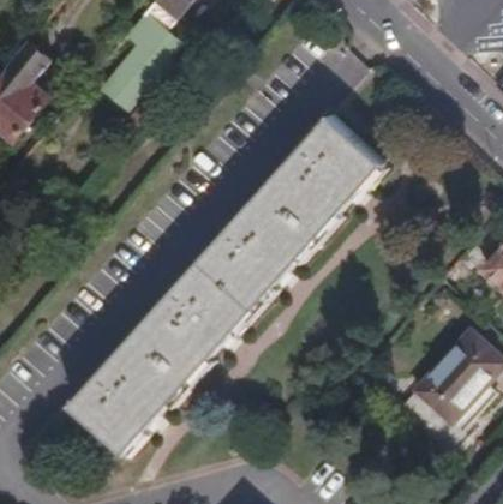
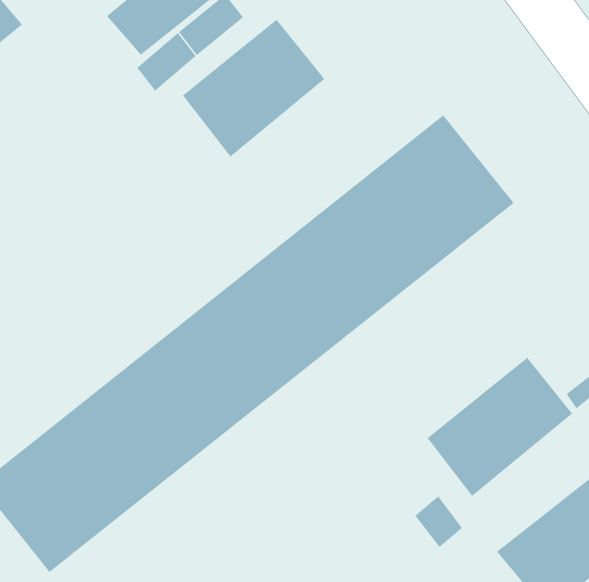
building: none -> [182,19,325,158]
building: none -> [427,357,573,497]

